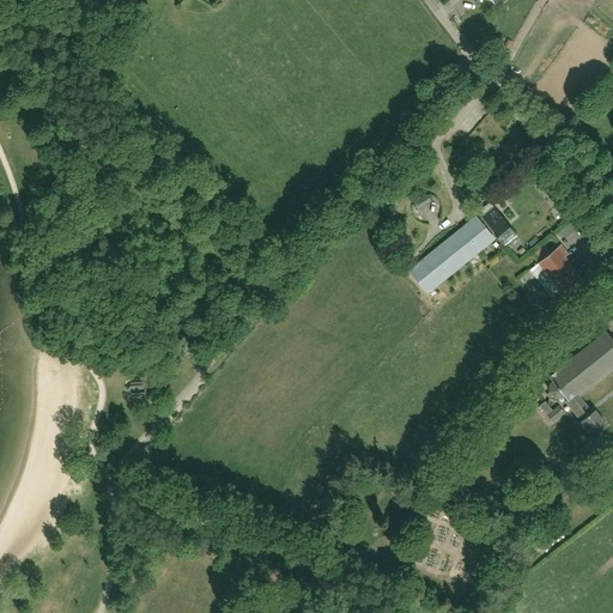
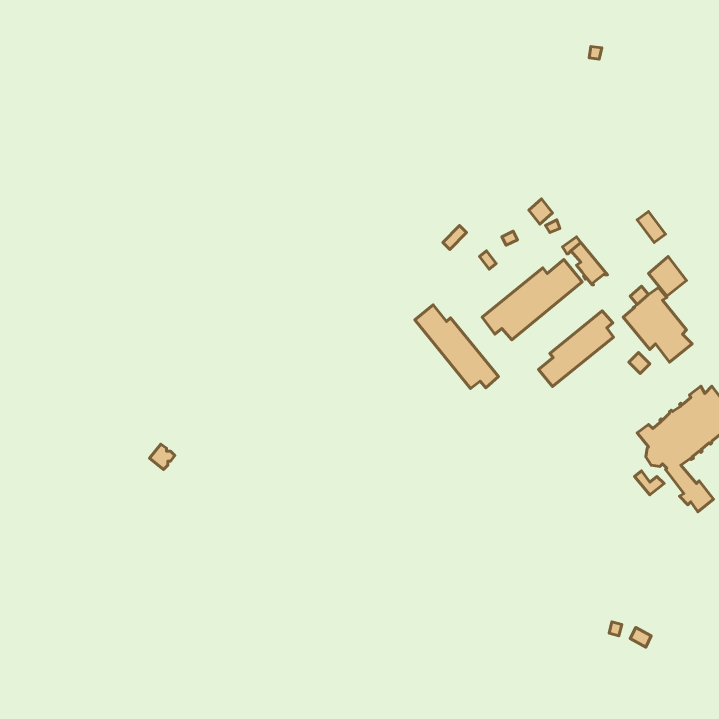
building: none -> [415,305,498,388]
building: none -> [538,311,614,387]

